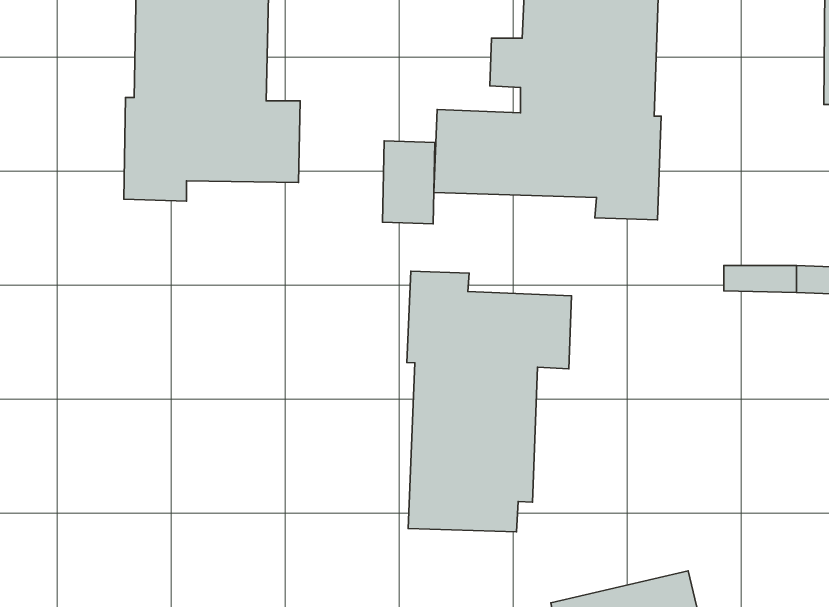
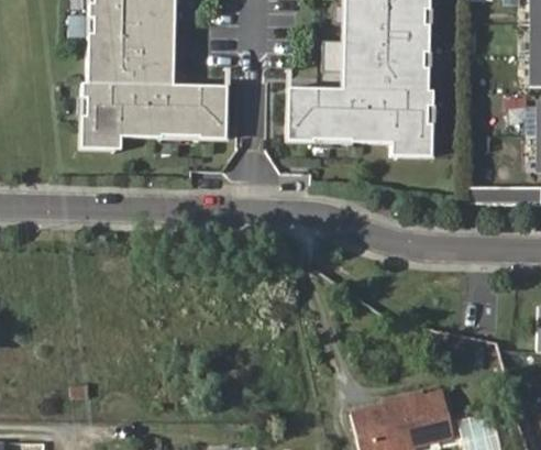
building: [382,141,435,224] -> [195,83,229,136]
building: [407,271,572,532] -> none

